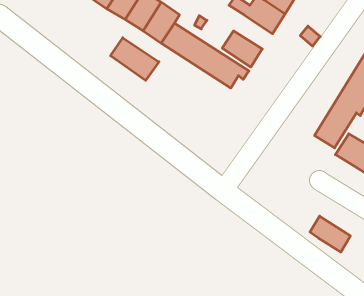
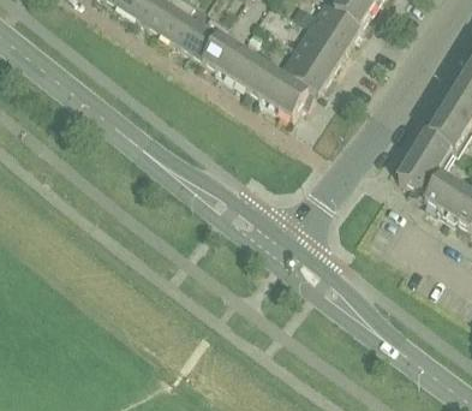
building: none -> [295,23,345,66]
building: [111,38,159,80] -> none
building: [310,216,350,252] -> none

